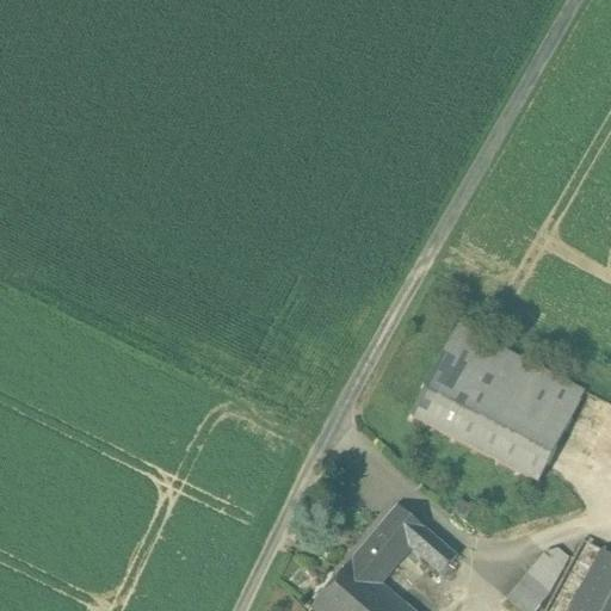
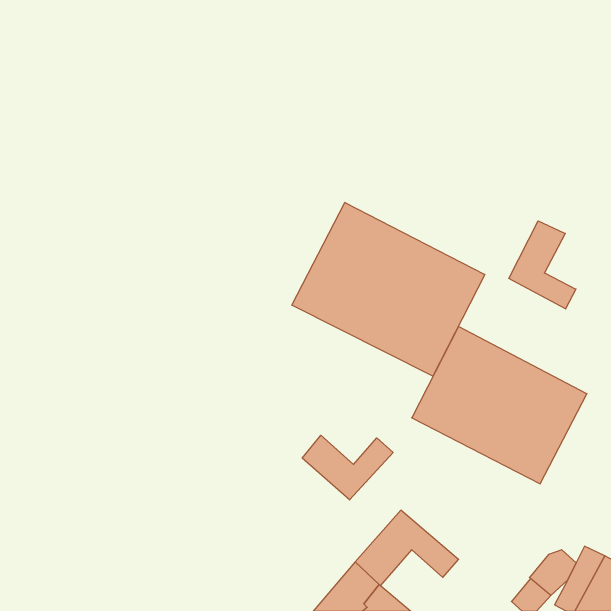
building: none -> [292,202,485,376]
building: none -> [509,221,576,309]
building: none -> [302,435,393,500]

